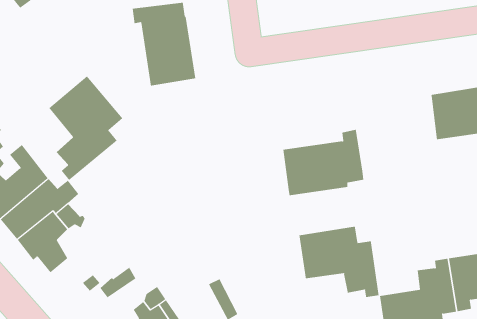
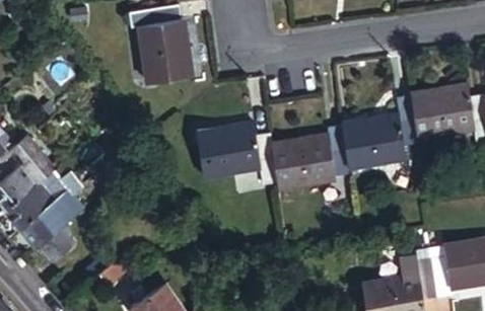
building: [48,76,123,181] -> none
building: none -> [343,94,419,165]
building: none -> [197,125,278,185]
building: [299,226,379,298] -> none

